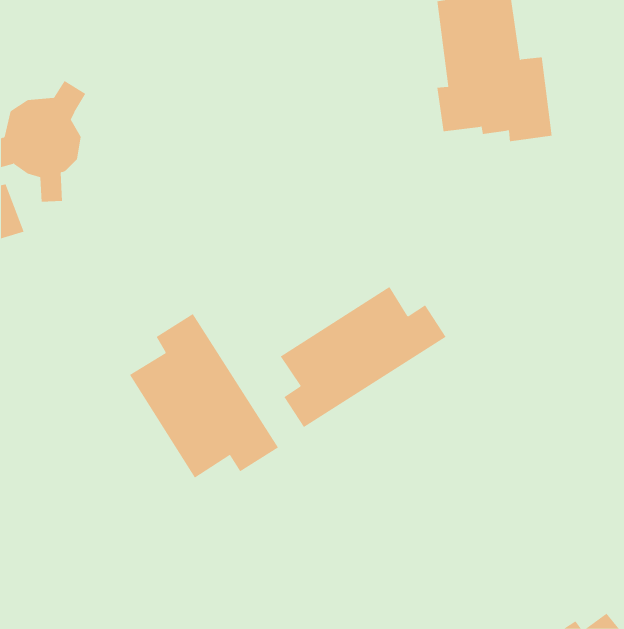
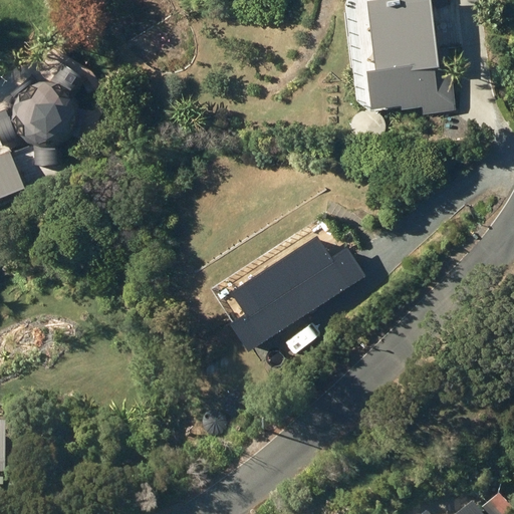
building: [129,313,279,478] -> none

